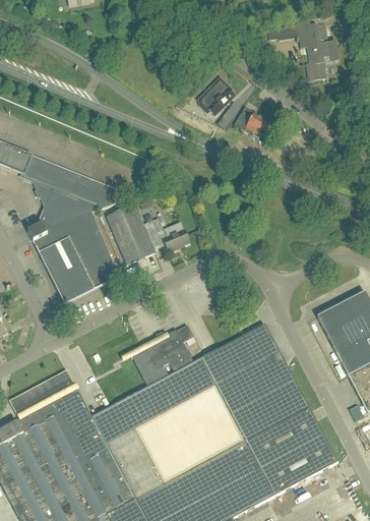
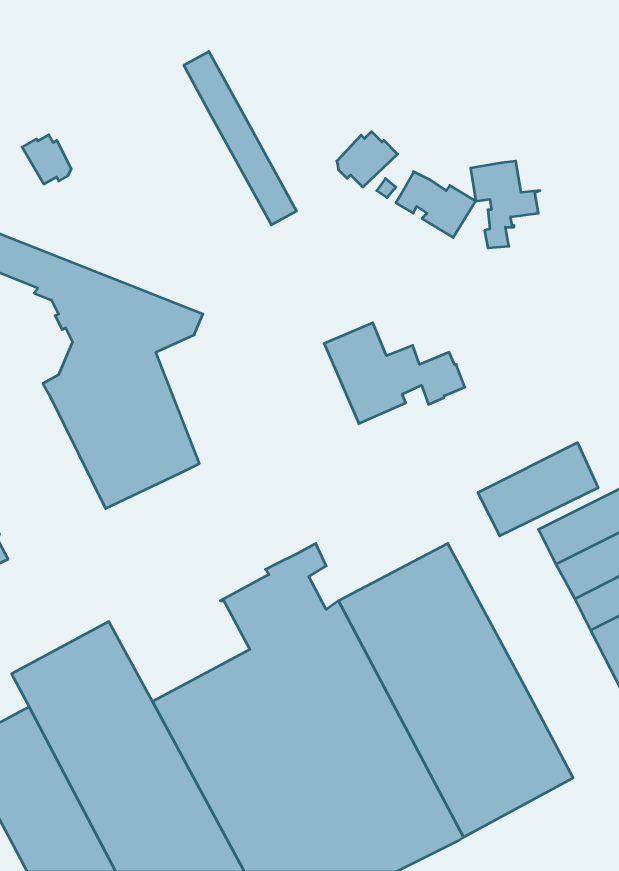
building: [299,23,340,74] -> [471,161,540,248]
building: none -> [184,51,296,225]
building: none -> [22,135,71,184]
building: [107,205,189,264] -> [324,323,465,424]
building: none -> [478,443,598,536]

